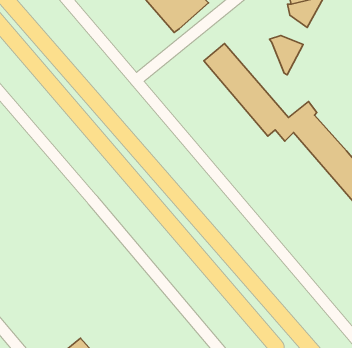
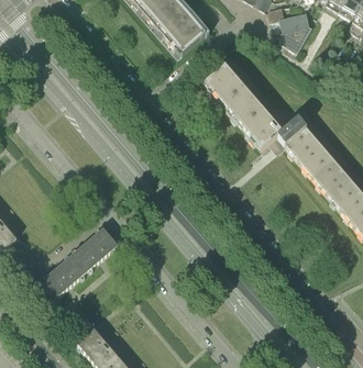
building: [269,36,303,75] -> none
building: none -> [41,228,118,300]

